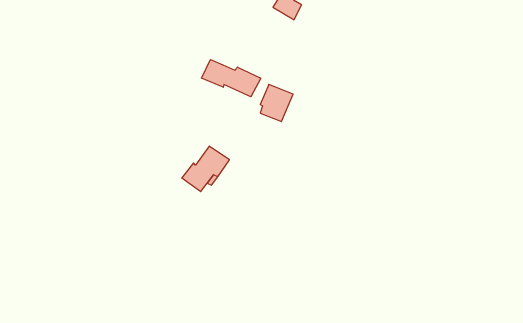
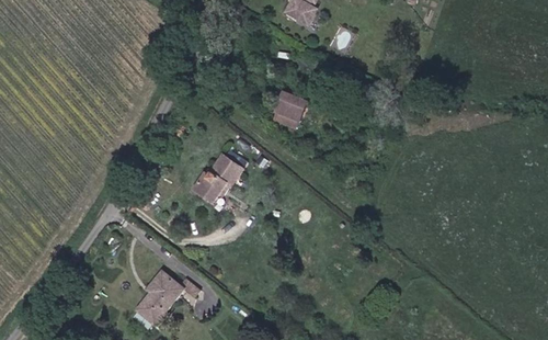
building: [202,60,261,97] -> none
building: none -> [137,269,198,322]

